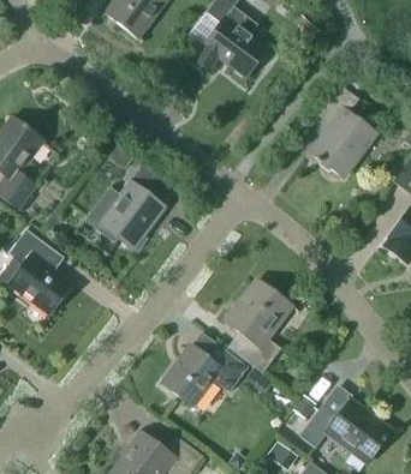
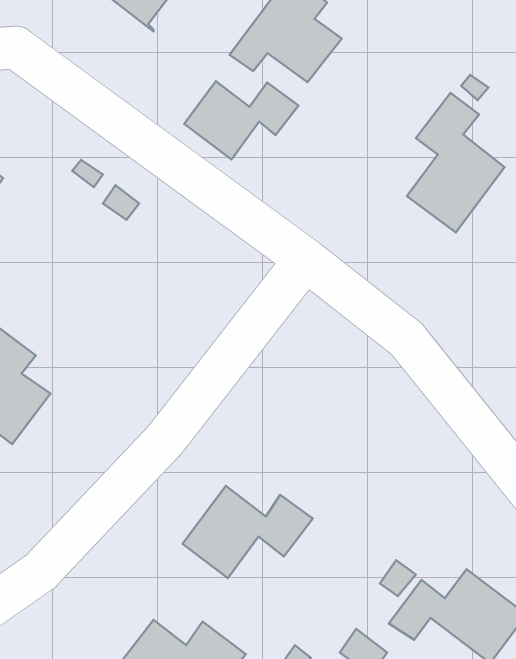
building: none -> [184,81,299,159]
building: [88,181,165,250] -> none
building: [226,278,292,372] -> none

